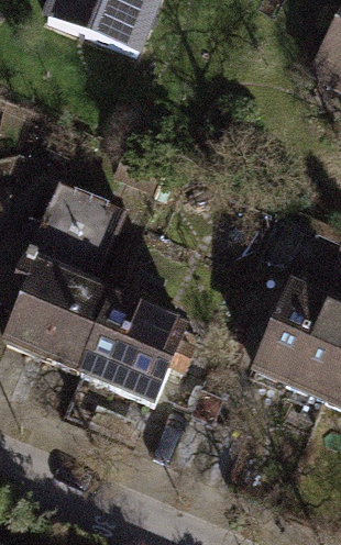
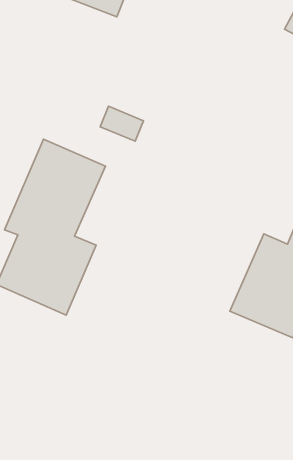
building: [82,281,187,404] -> none

